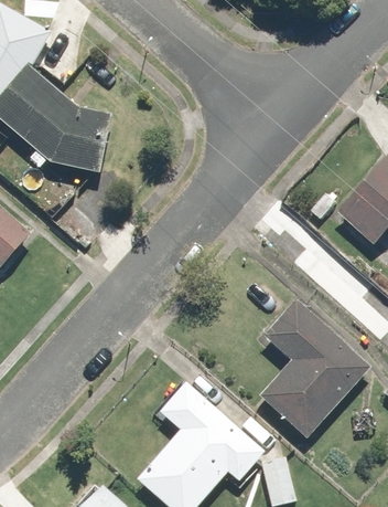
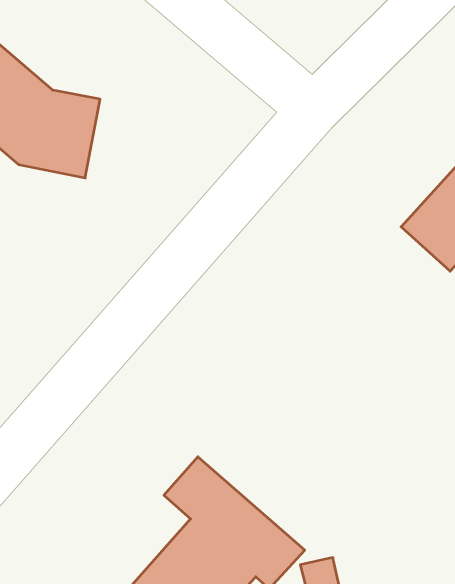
building: [259,297,370,435] -> none

